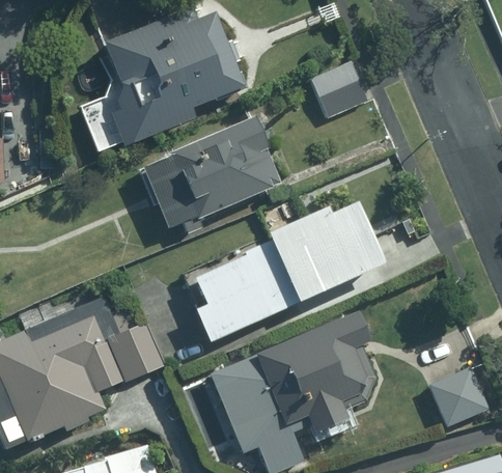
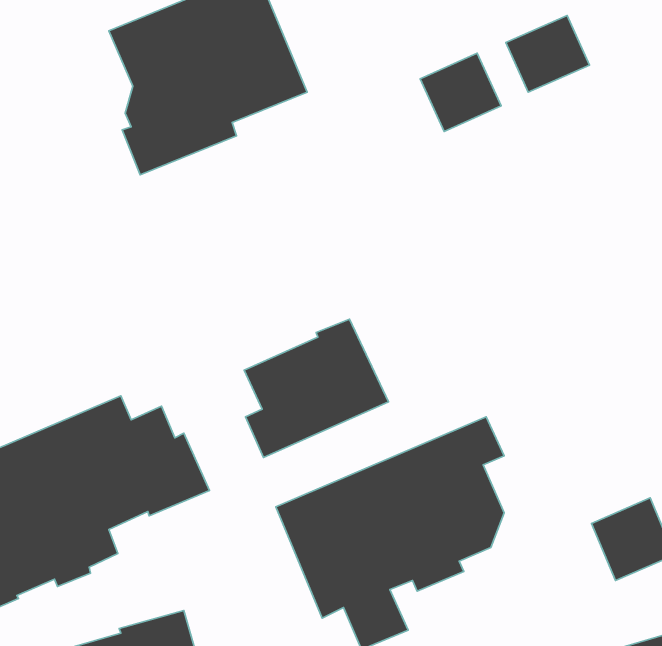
building: none -> [506,16,589,92]
building: [140,119,281,234] -> none
building: [259,206,375,303] -> none

